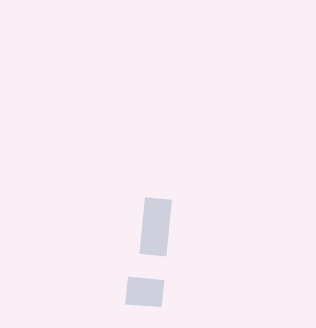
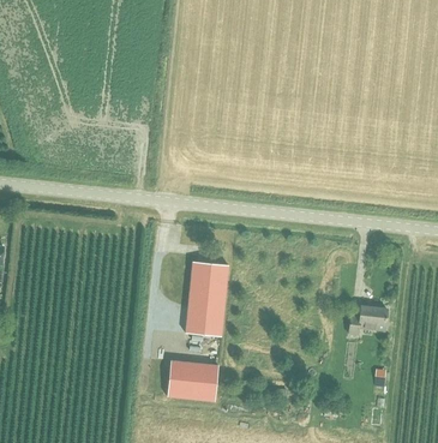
building: none -> [349,305,388,334]

